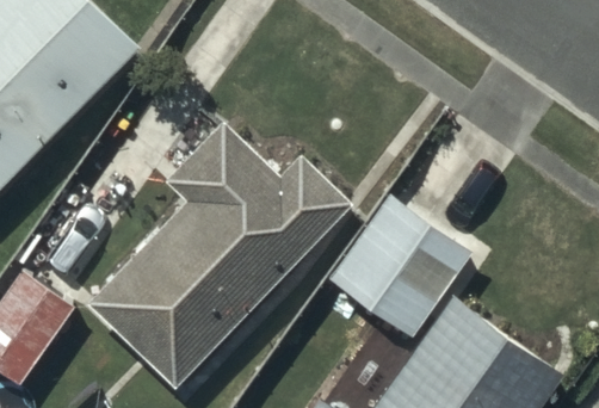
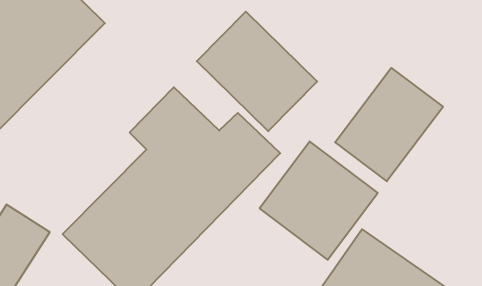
building: none -> [197,12,317,131]
building: none -> [335,68,443,181]

